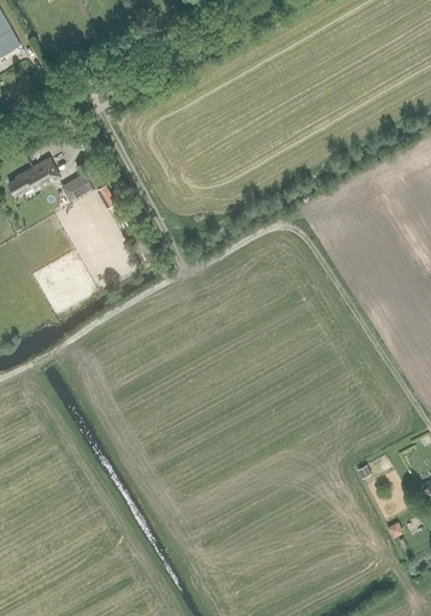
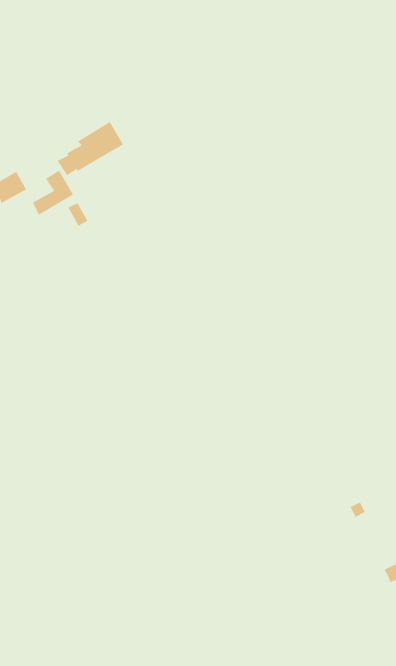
building: none -> [57,121,124,176]

